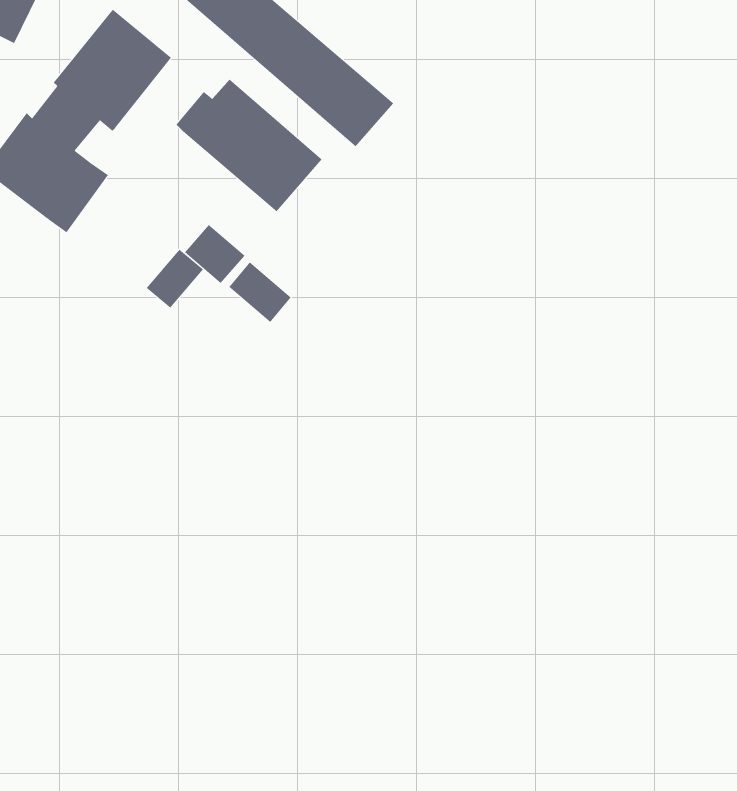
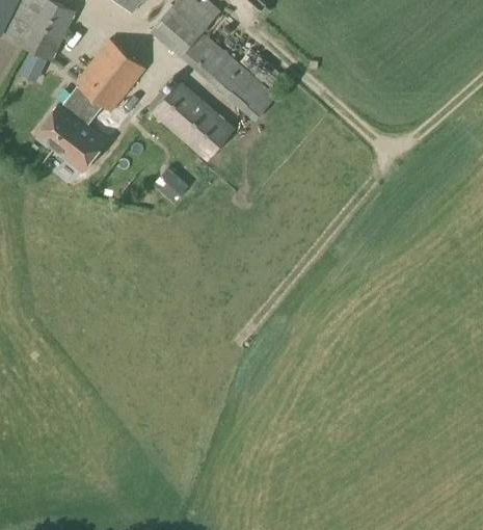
building: [146,249,204,309] -> none
building: [229,262,291,323] -> none

